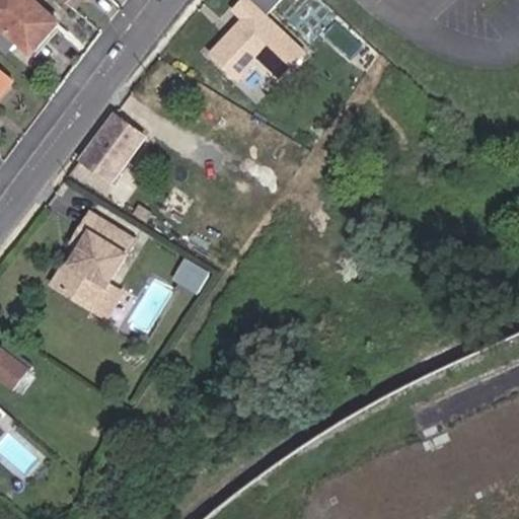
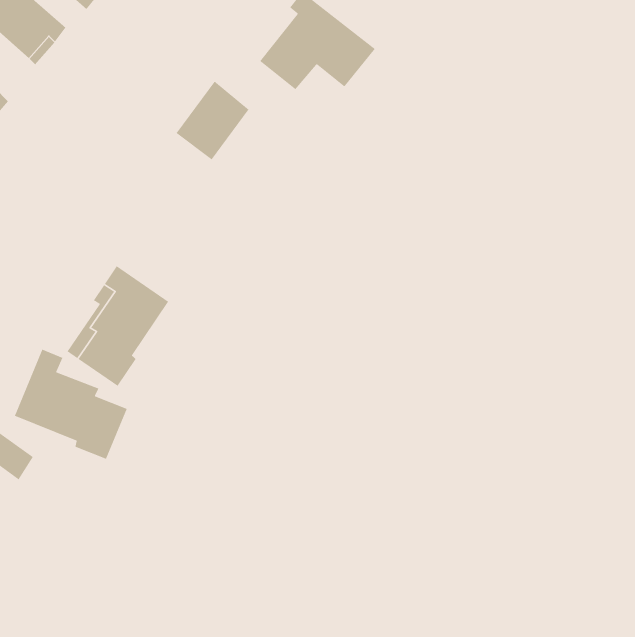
building: [81,114,141,178] -> [176,81,249,161]
building: none -> [14,349,128,460]

